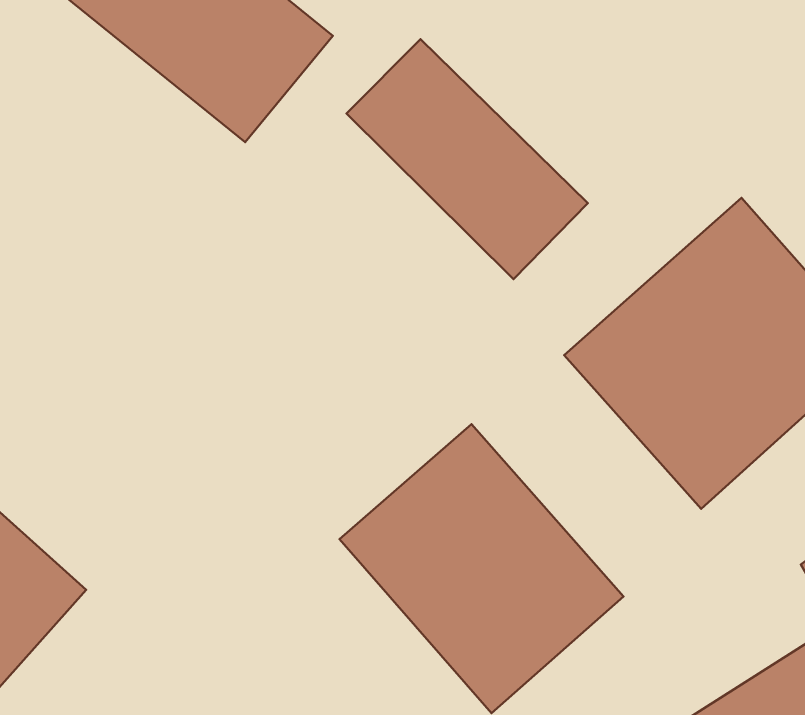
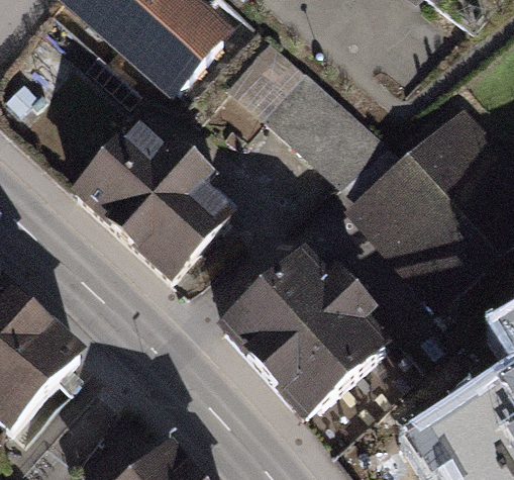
building: none -> [69,119,227,275]

